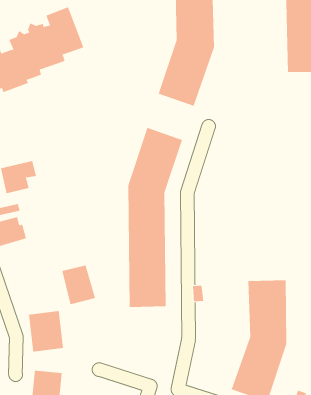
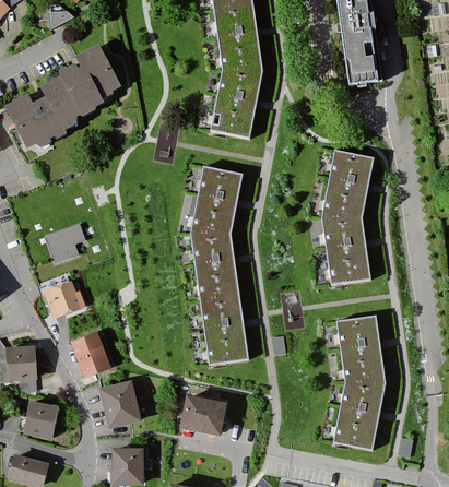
building: none -> [319,149,375,285]
building: [61,265,96,305] -> [69,333,110,379]
building: none -> [179,395,226,436]

